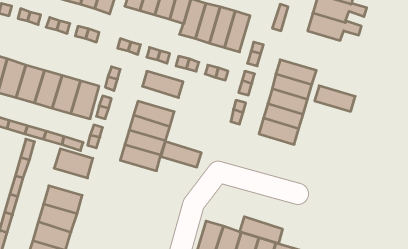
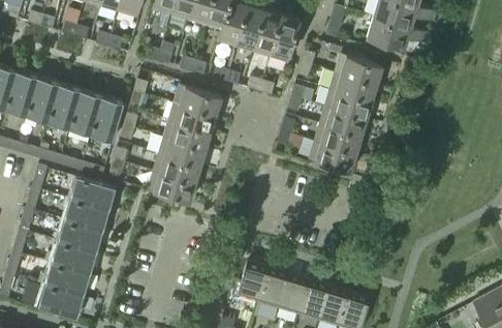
building: [315,86,355,111] -> [335,55,382,85]
building: [161,141,201,167] -> [168,103,216,133]
building: none -> [64,200,109,232]
building: [240,217,282,243] -> none

